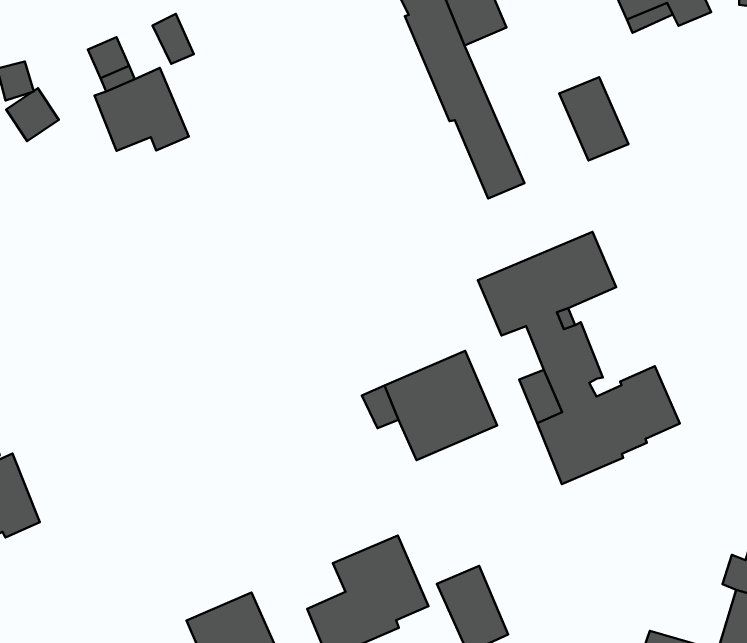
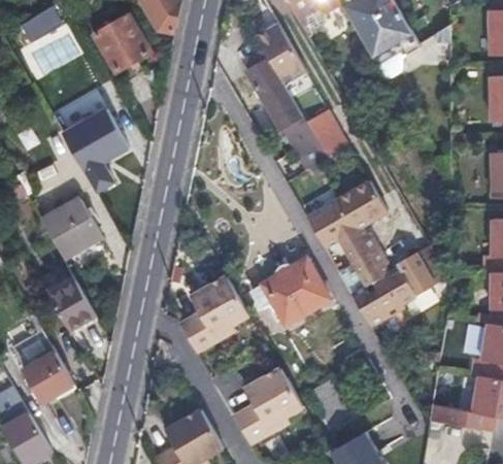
building: [559,77,629,161] -> [306,109,349,158]
building: none -> [40,196,103,259]
building: none -> [48,278,97,331]
building: none -> [181,276,250,353]

